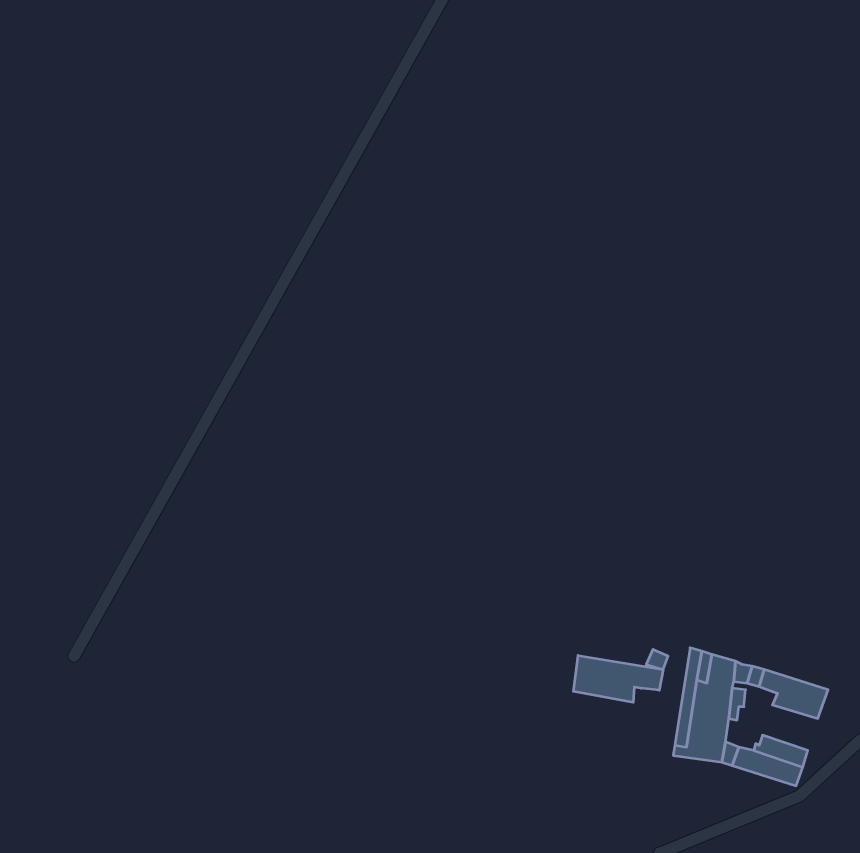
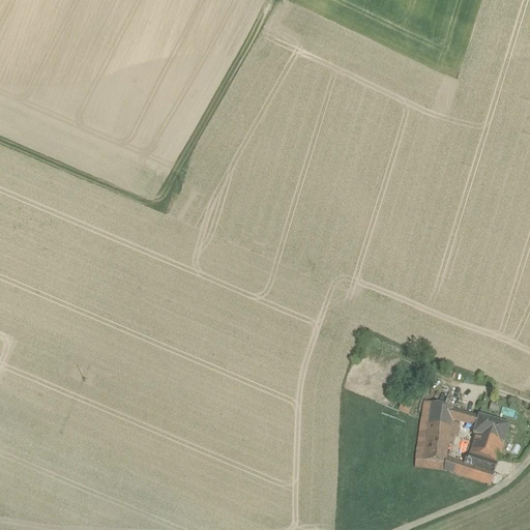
building: [573,655,663,702] -> none
building: none -> [469,434,503,462]

